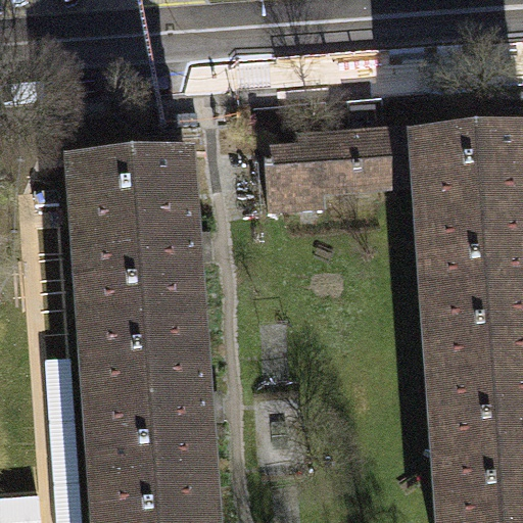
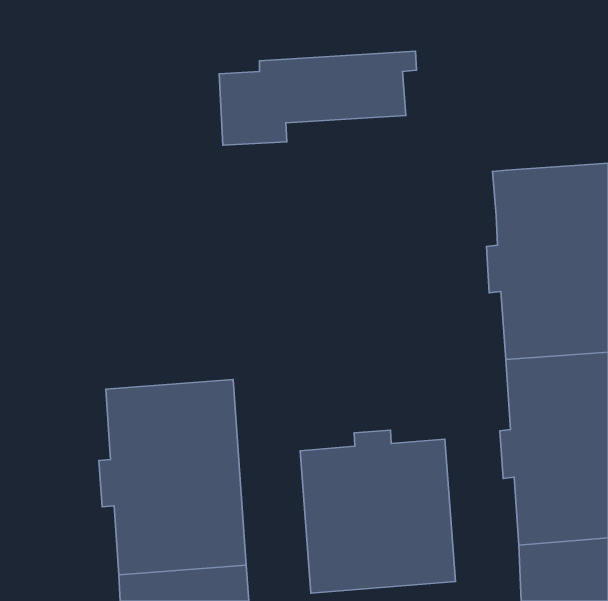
building: [266,130,435,210] -> [219,51,417,145]
building: [74,163,200,334] -> none
building: none -> [300,430,455,593]

